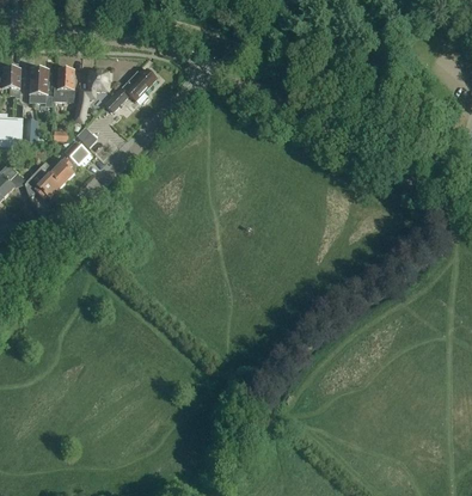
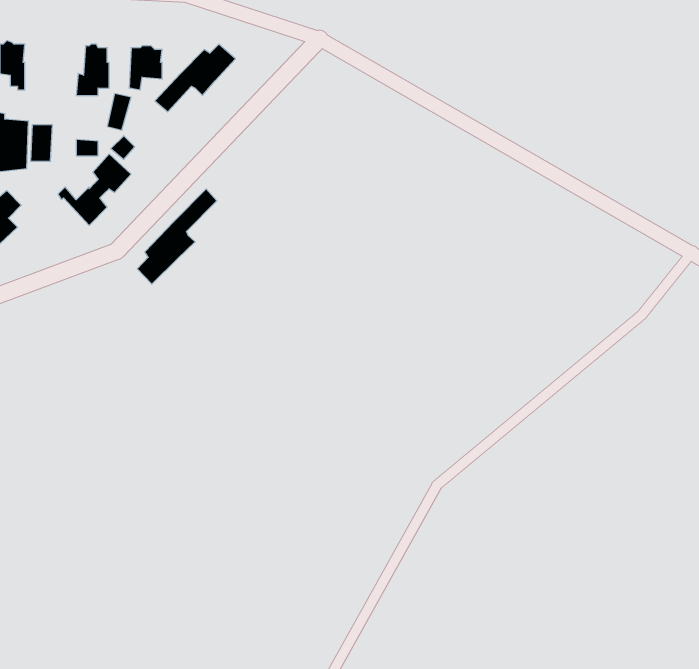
building: [29,67,50,103] -> none
building: none -> [137,189,217,284]
building: [25,169,62,198] -> none

